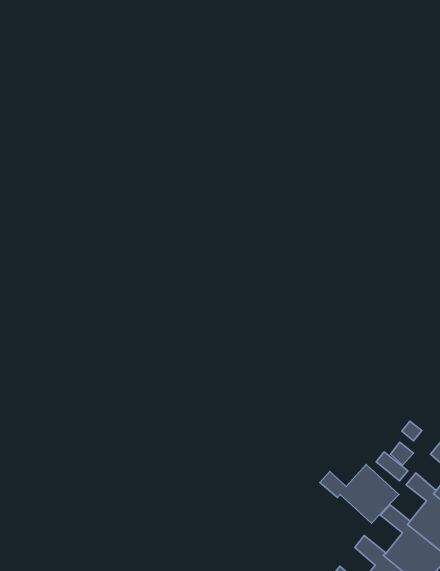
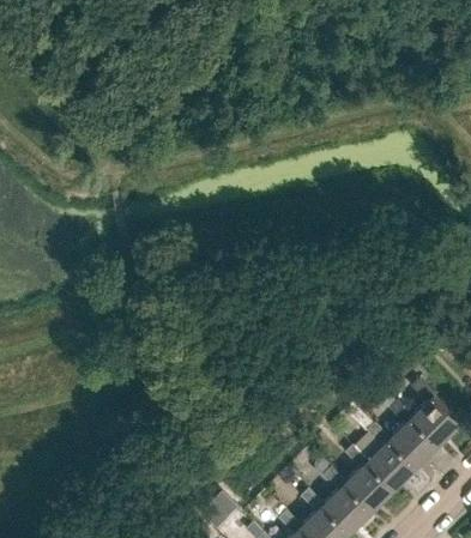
building: [320,464,399,523] -> none

